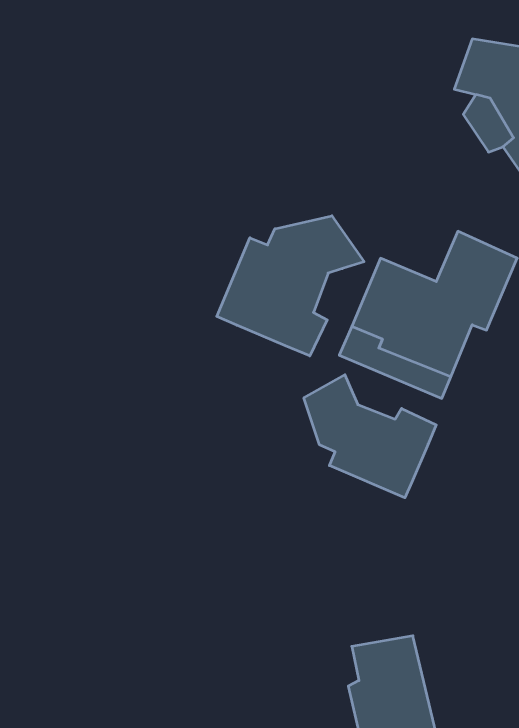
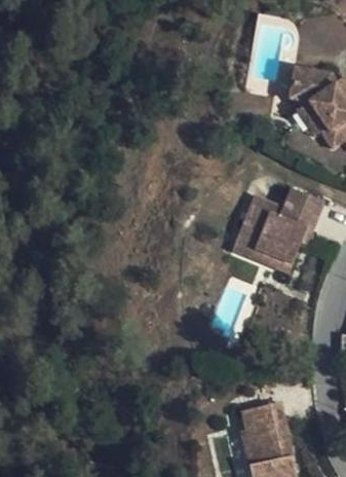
building: [217,216,364,356] -> none
building: [304,375,436,498] -> none

